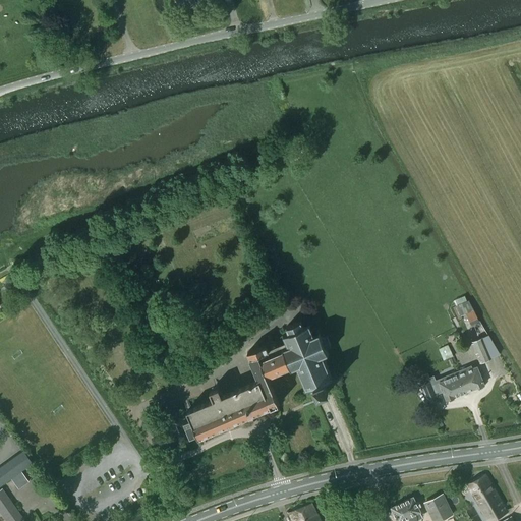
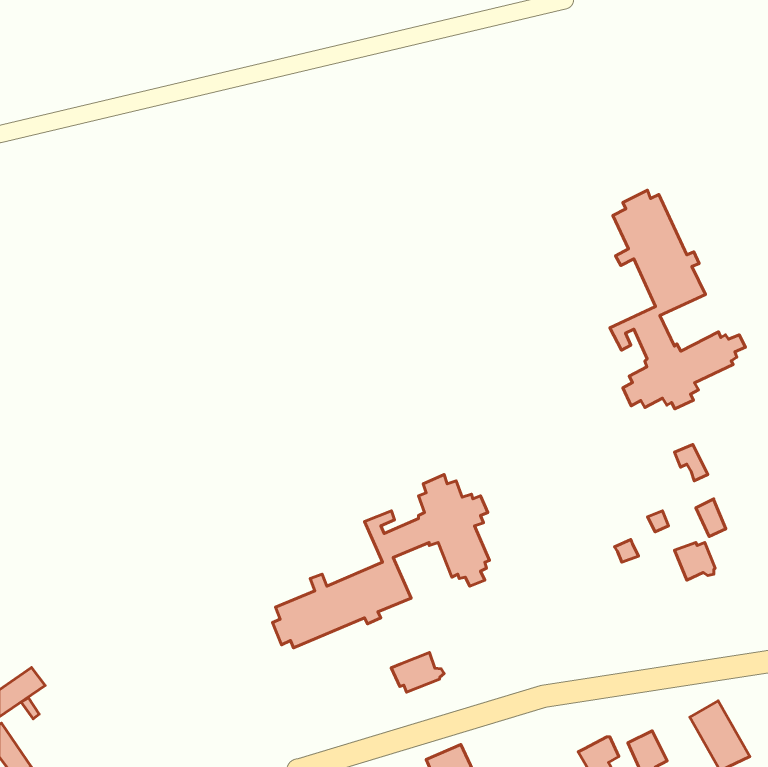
building: none -> [610,190,745,409]
building: [439,373,464,403] -> none
building: none -> [391,652,444,692]

